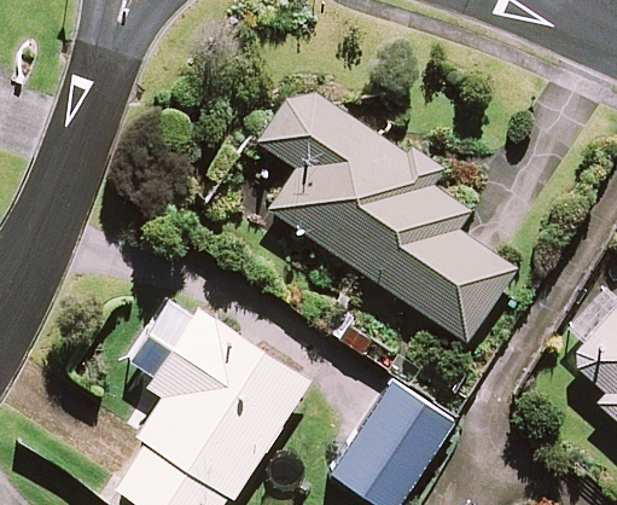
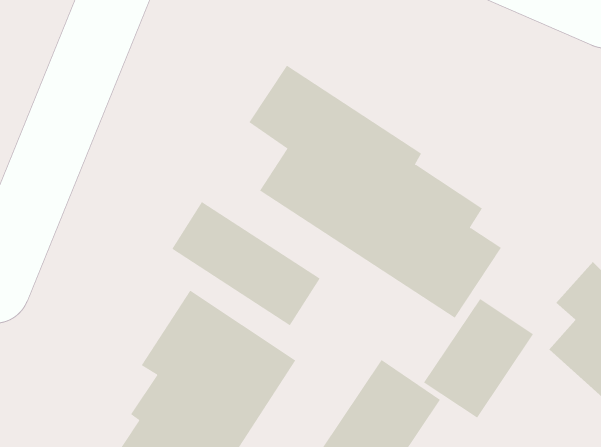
building: none -> [172,201,320,326]
building: none -> [423,298,534,418]

